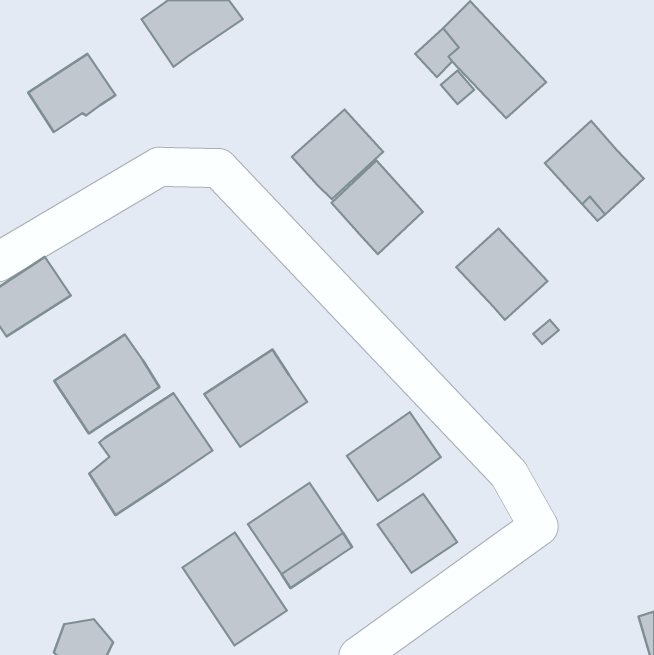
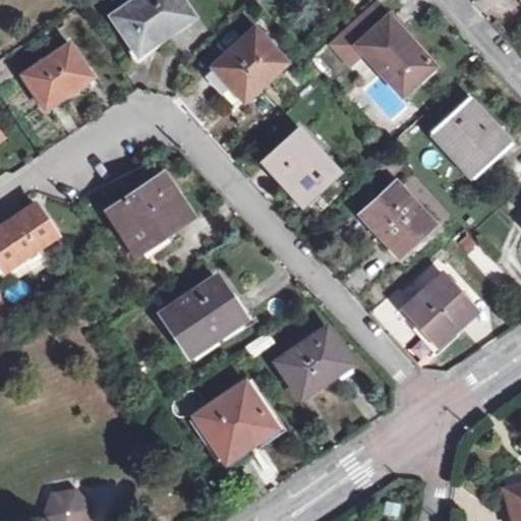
building: [292,109,383,199] -> [213,28,285,100]
building: [54,334,159,433] -> [108,175,191,253]
building: none -> [405,274,474,341]
building: [89,393,213,515] -> none
building: [377,494,457,573] -> none
building: [182,533,287,645] -> none

